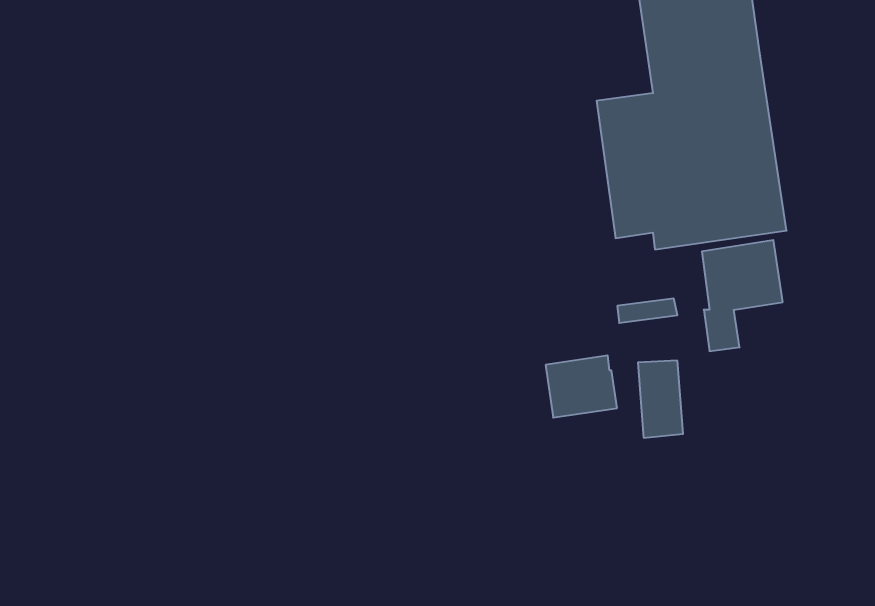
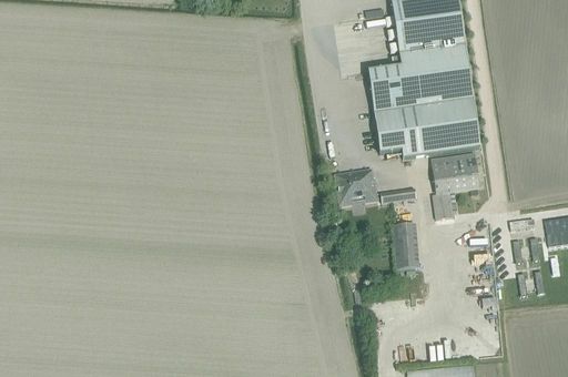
building: [546,355,617,418] -> [335,167,377,204]

